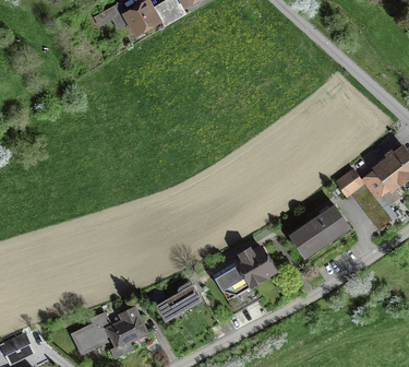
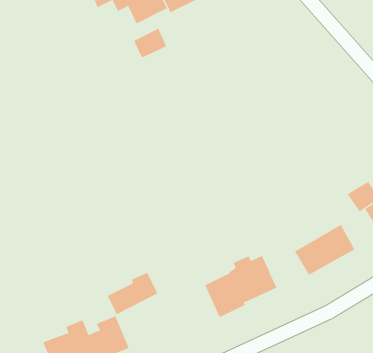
building: none -> [133,28,167,58]
building: [156,280,202,320] -> [107,272,158,315]

